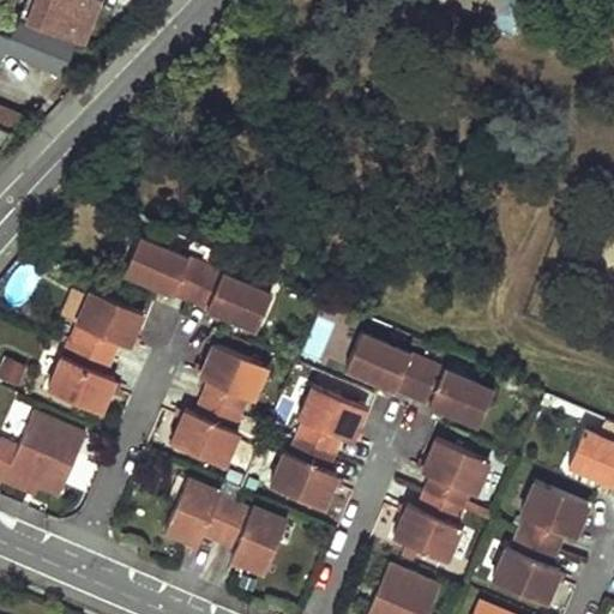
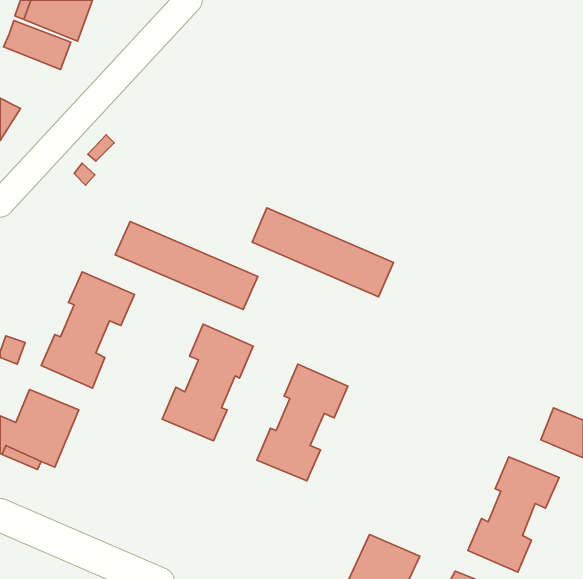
building: [345,335,494,428] -> [252,208,393,297]
building: [392,441,489,564] -> none
building: [163,476,288,573] -> none

